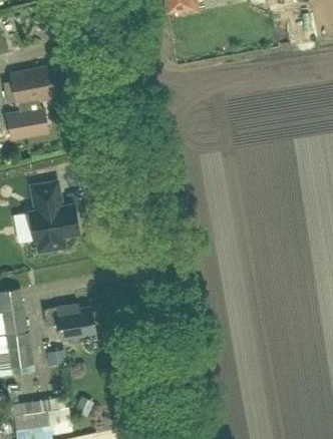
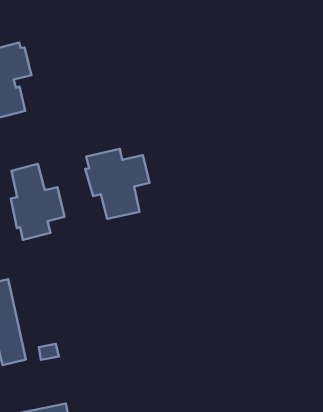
building: none -> [85,149,149,219]
building: [43,304,94,339] -> none

